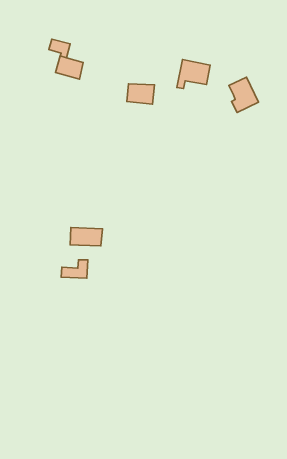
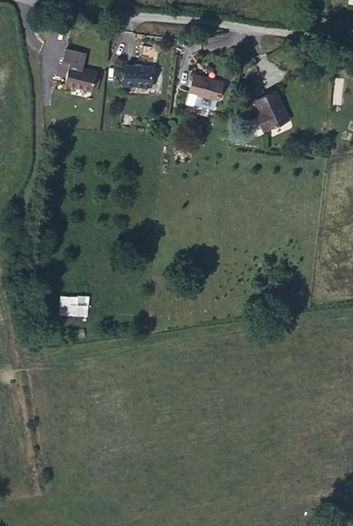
building: [127,84,155,104] -> [119,65,150,87]
building: [70,227,102,246] -> none

